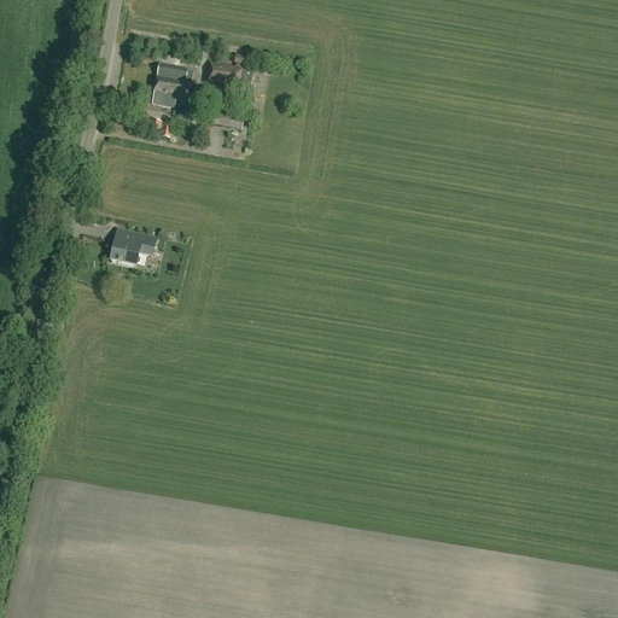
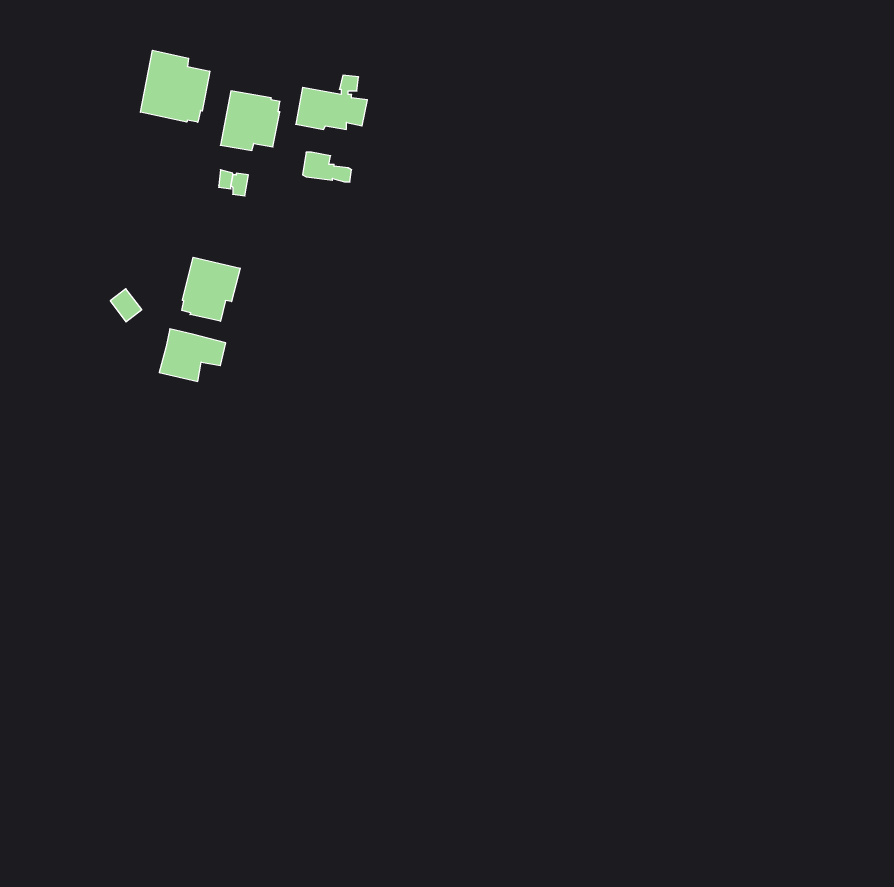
building: none -> [140,50,210,122]
building: none -> [182,257,240,321]

